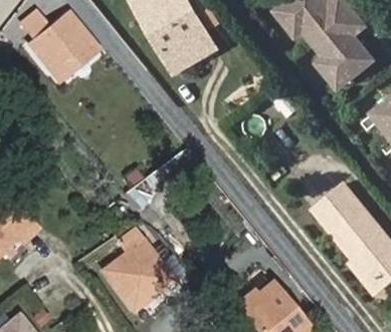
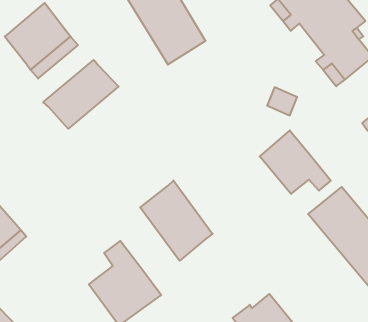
building: none -> [43,60,119,129]
building: none -> [260,130,331,194]
building: none -> [140,180,213,261]

